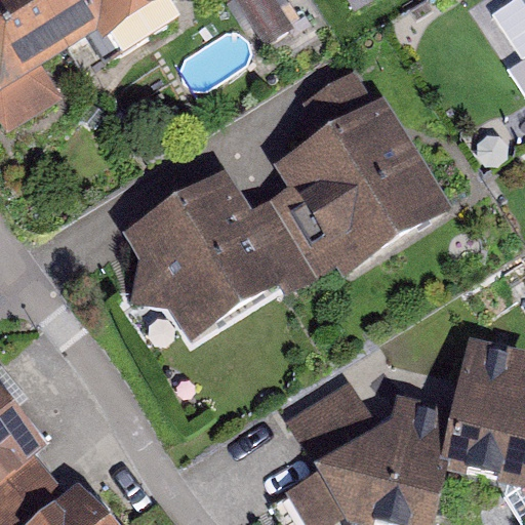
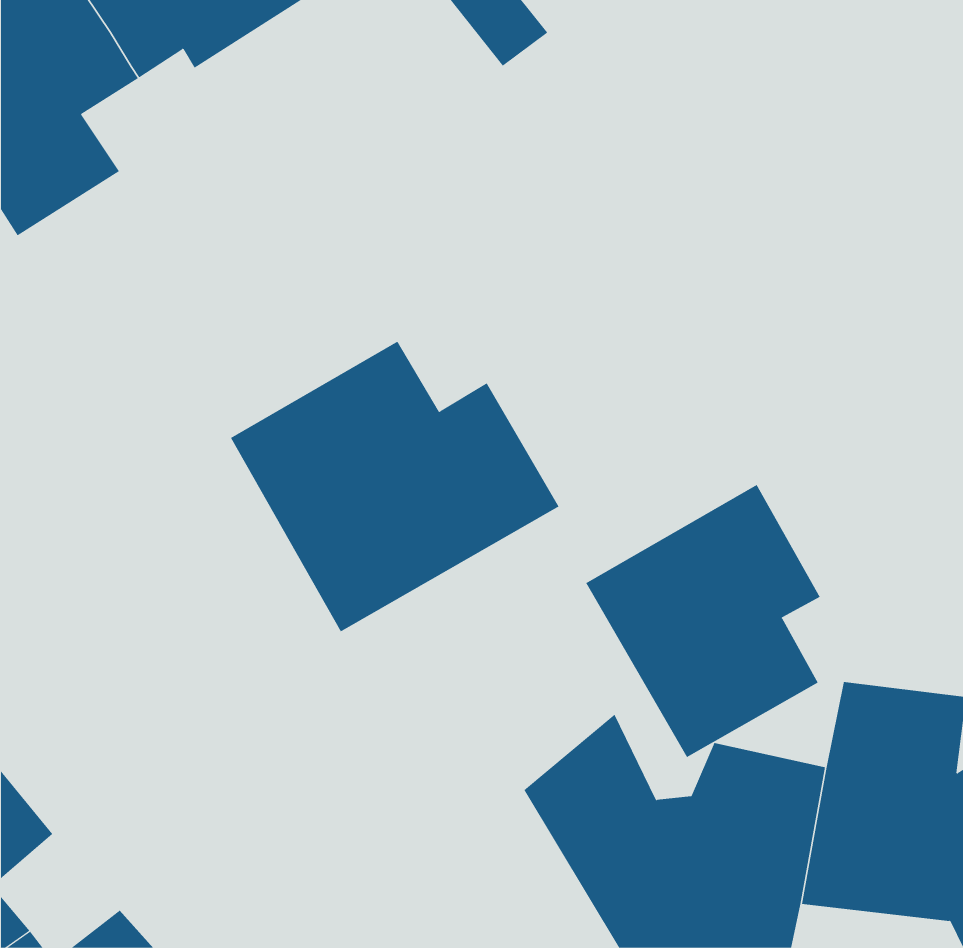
building: [268,74,427,273] -> none
building: none -> [585,484,821,758]

